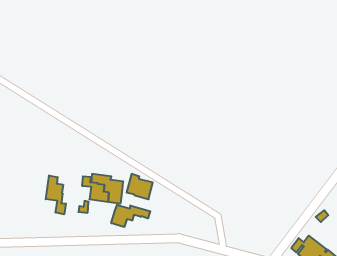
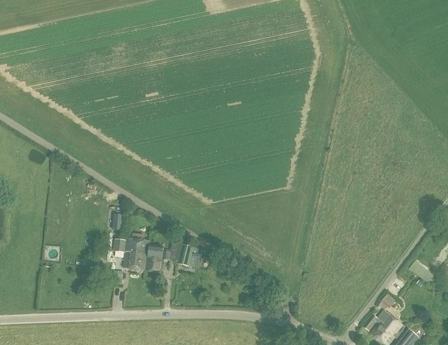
building: [46,175,66,214] -> none
building: [111,205,150,227] -> none

